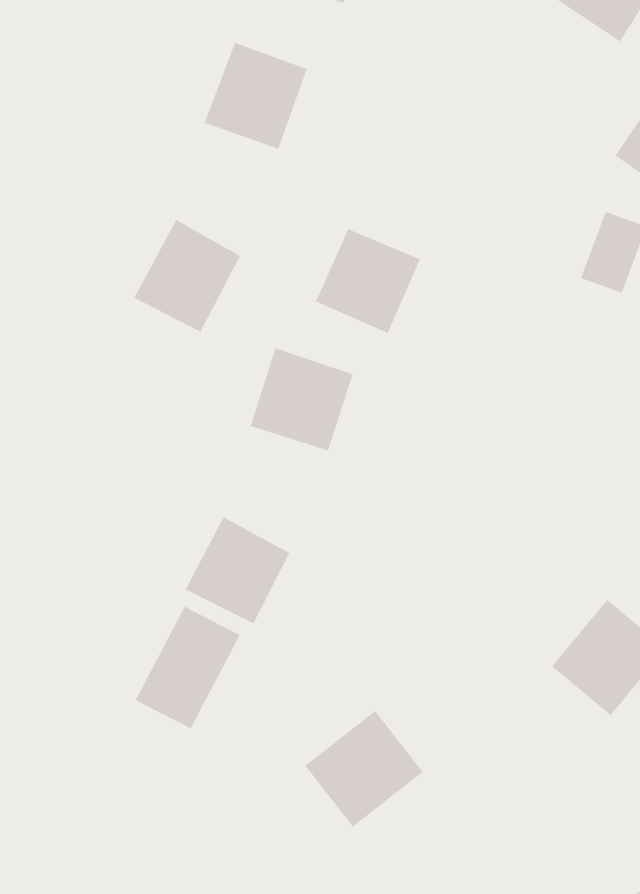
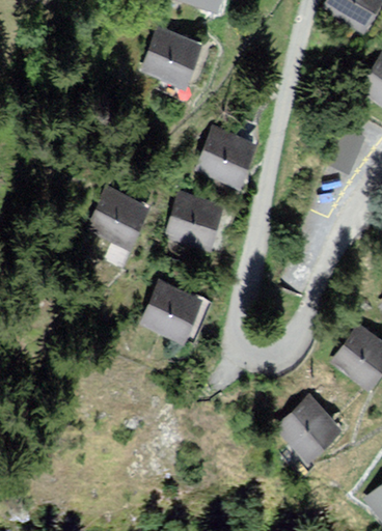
building: [134,219,241,333] -> [83,188,141,249]
building: [135,606,240,729] -> none
building: [304,710,423,827] -> [264,400,328,464]

